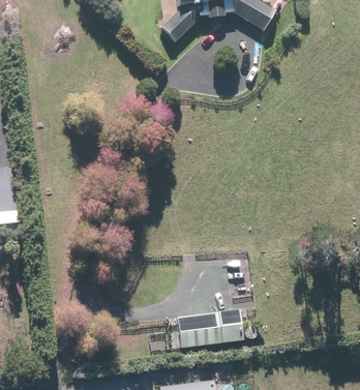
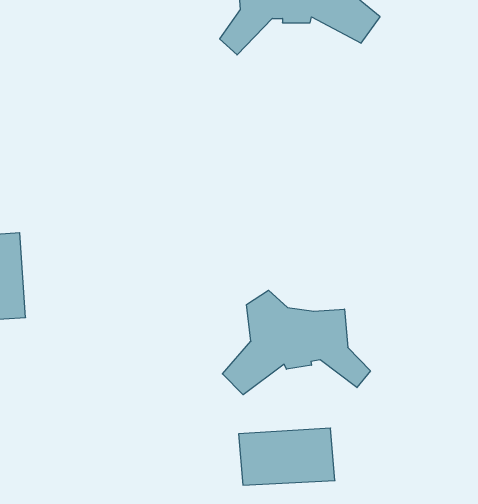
building: none -> [222,290,370,395]

